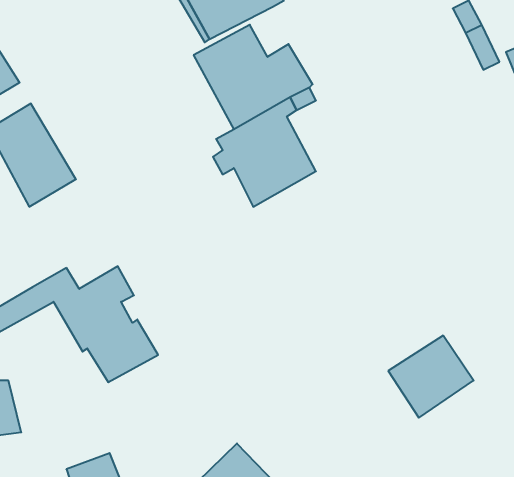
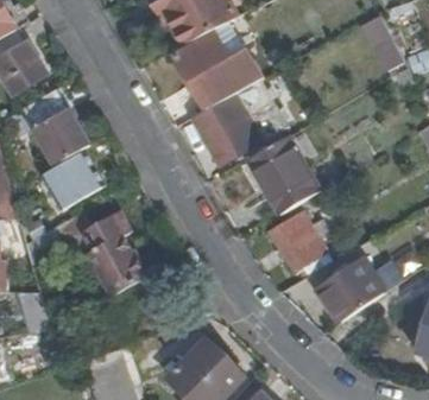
building: none -> [246,135,320,215]
building: none -> [40,152,97,211]
building: none -> [270,211,328,280]

